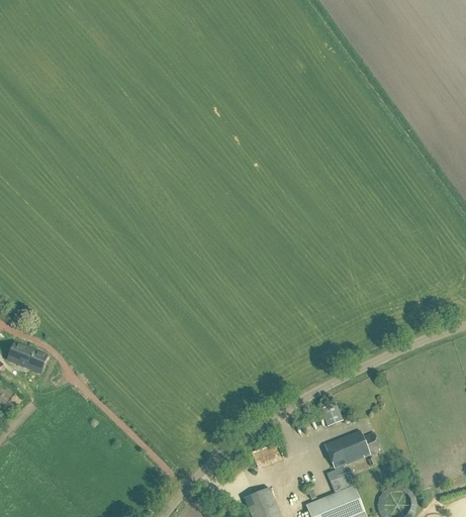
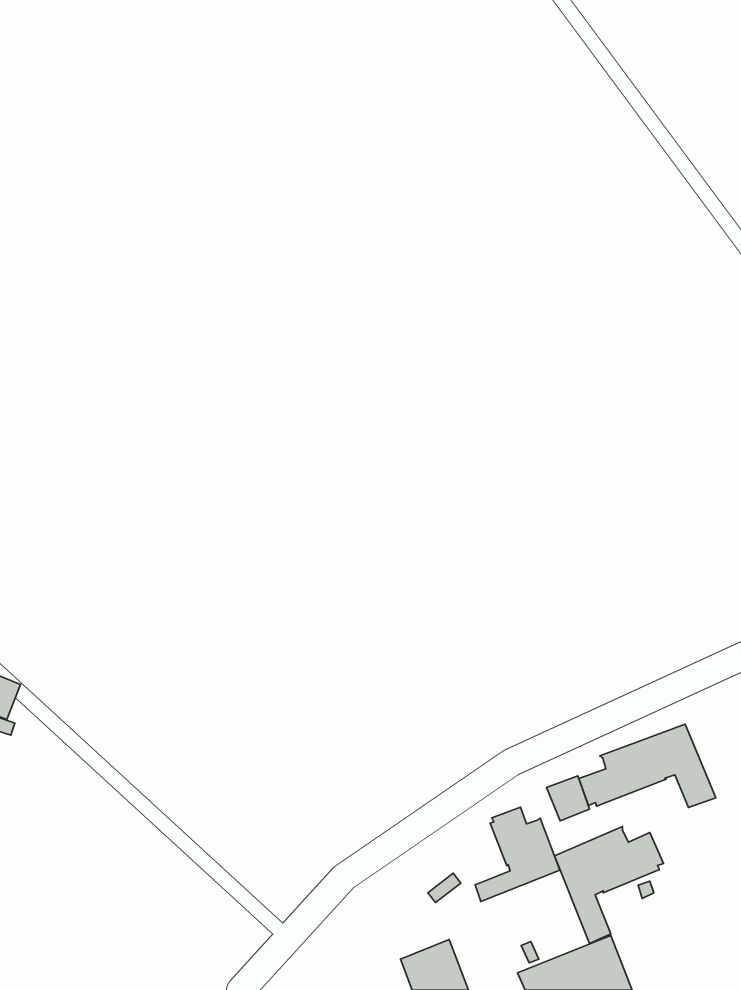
building: none -> [579,724,716,808]
building: none -> [475,807,560,902]

